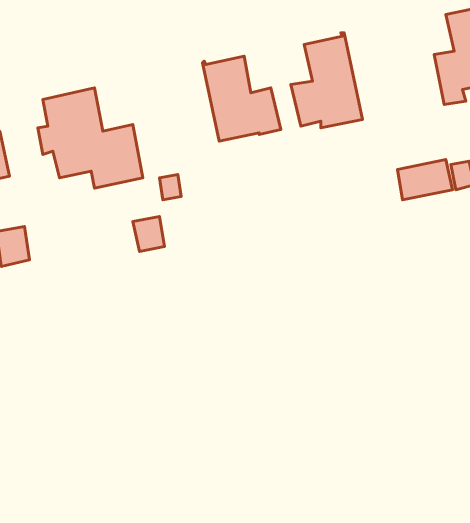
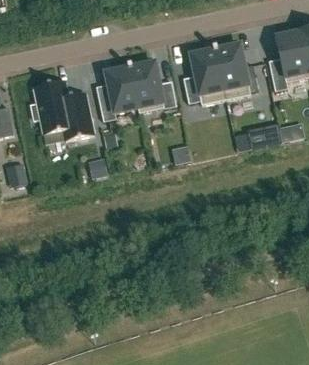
building: none -> [215,43,255,99]
building: none -> [98,65,140,121]

